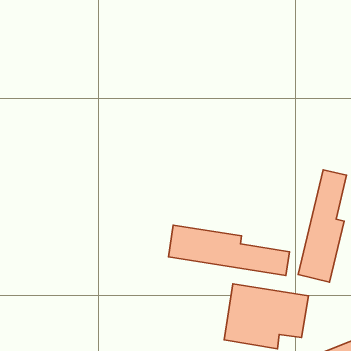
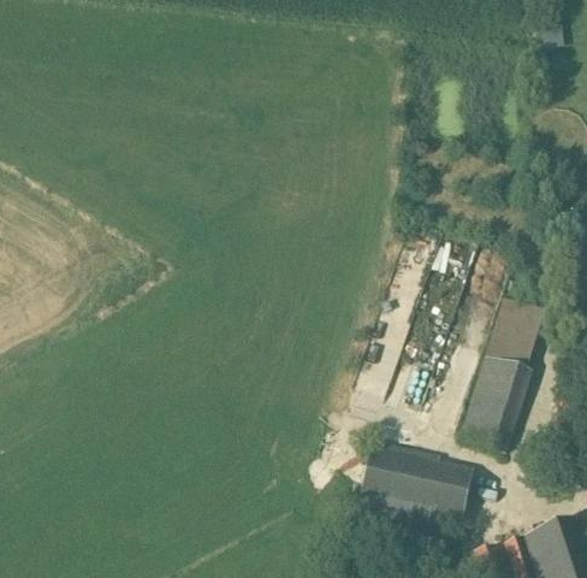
building: [168,225,290,275] -> none

